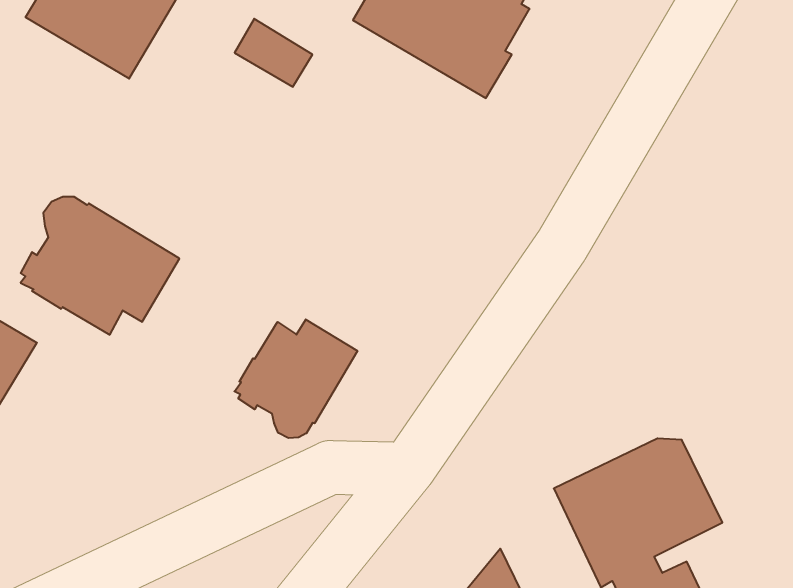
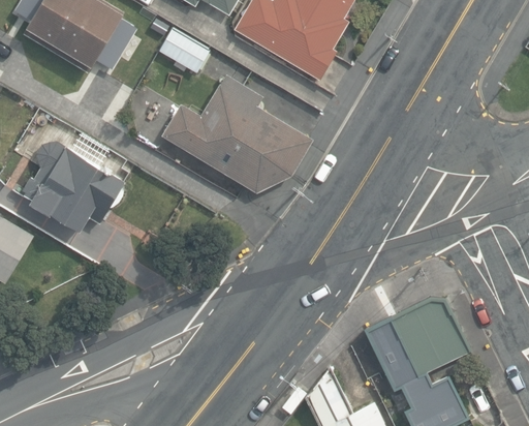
building: none -> [162,75,312,192]
building: [234,319,357,438] -> none

